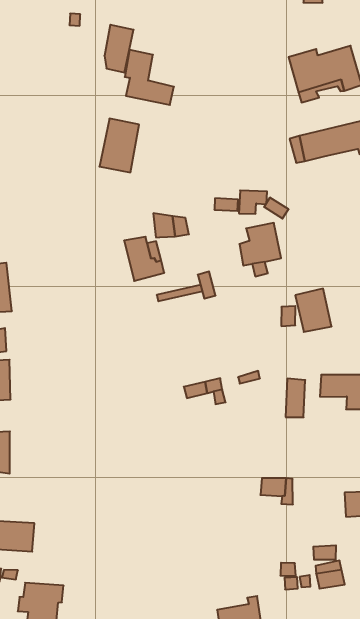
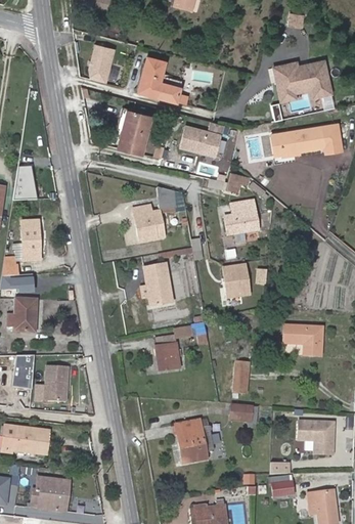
building: [104,25,134,72] -> [89,44,114,83]
building: none -> [180,125,223,159]
building: [295,289,332,332] -> [223,264,251,298]
building: none -> [144,264,173,306]
building: [286,379,305,417] -> [232,361,250,393]
building: none -> [153,336,181,370]
building: none -> [45,364,70,401]
building: none -> [177,420,212,462]

